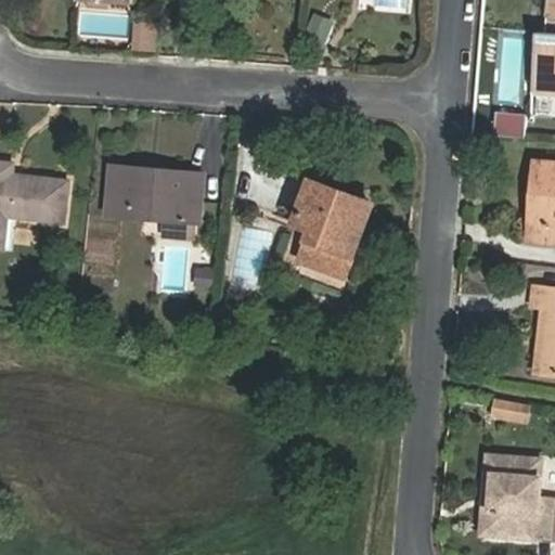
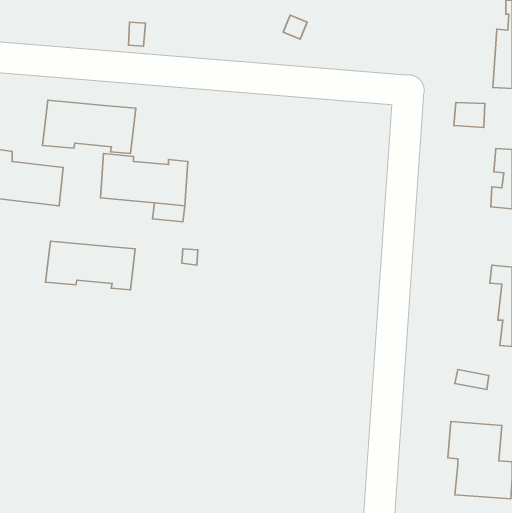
building: none -> [42,100,136,153]
building: [294,180,367,276] -> none
building: none -> [46,241,135,290]

